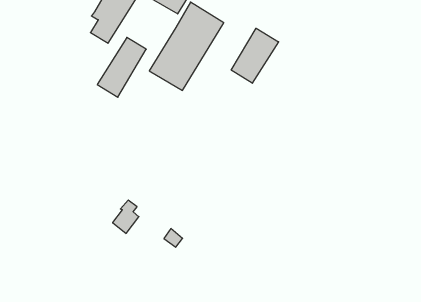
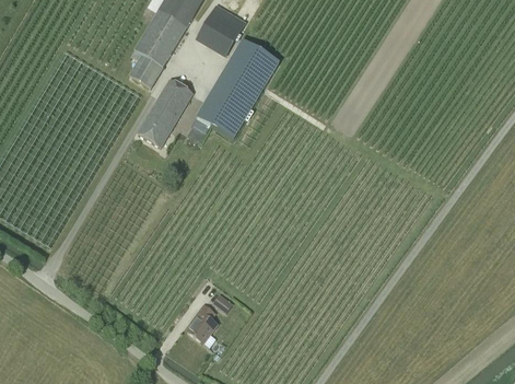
building: [231,28,279,83] -> none
building: [113,200,139,233] -> [187,305,216,342]

